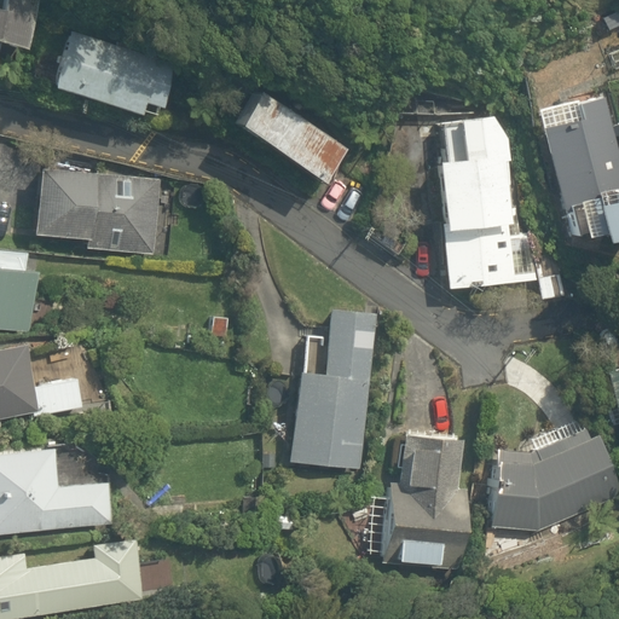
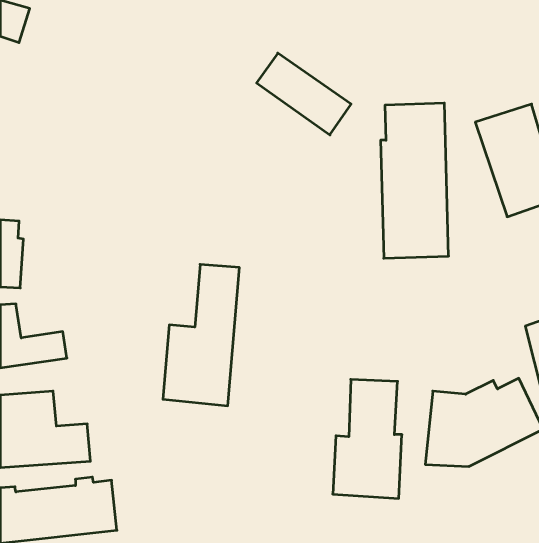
building: [50,28,173,114] -> none
building: [235,89,342,183] -> [257,53,351,135]
building: [31,172,161,253] -> none
building: [289,307,376,468] -> [163,264,239,406]

